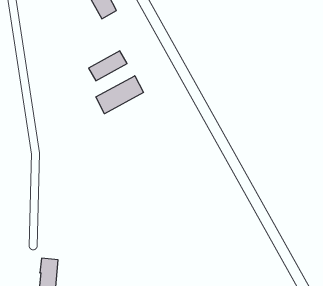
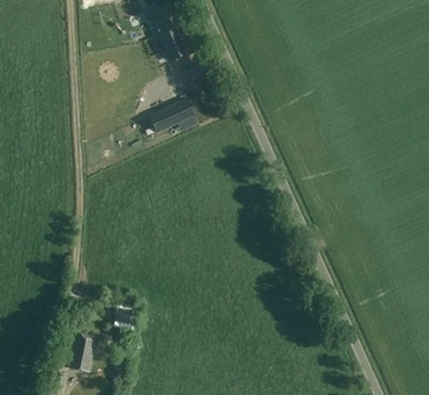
building: [96,76,143,114] -> none

